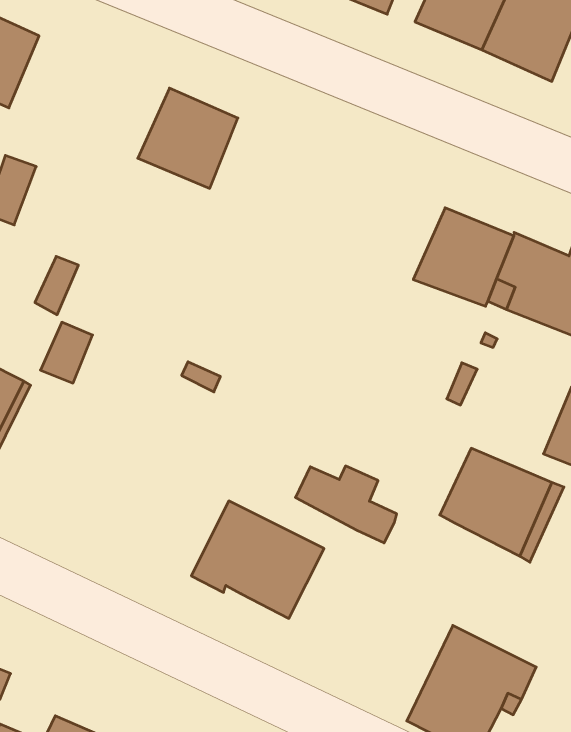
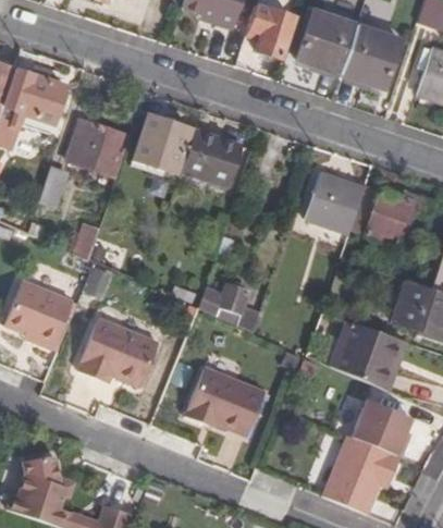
building: none -> [69,122,130,176]
building: none -> [182,130,244,188]
building: none -> [77,316,156,383]
building: [295,466,397,543] -> [198,283,261,329]
building: none -> [353,396,414,454]

